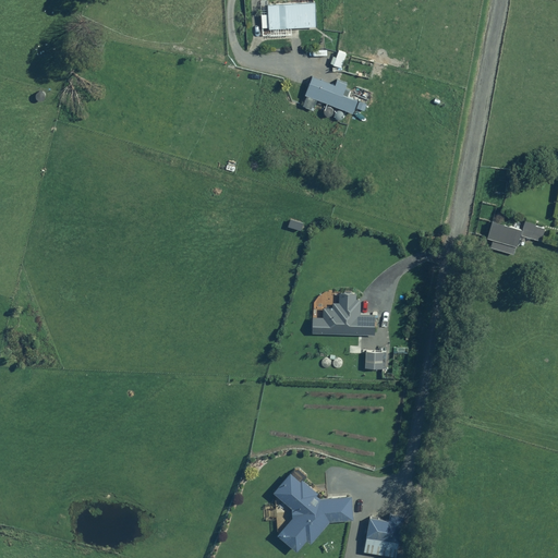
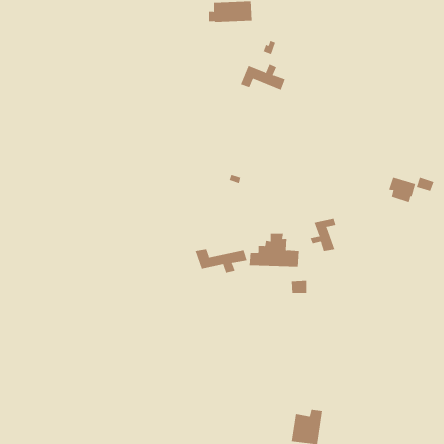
building: none -> [310,218,336,252]
building: none -> [195,248,247,273]
building: [272,469,355,551] -> none

